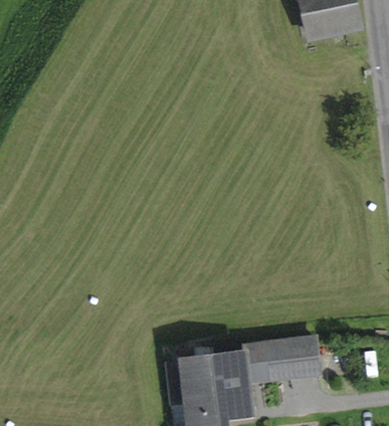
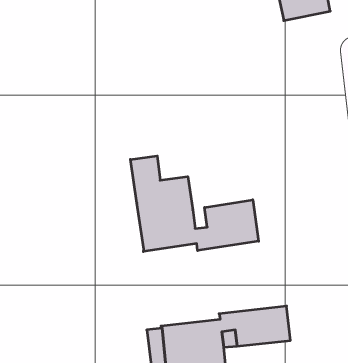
building: none -> [130,156,259,252]

